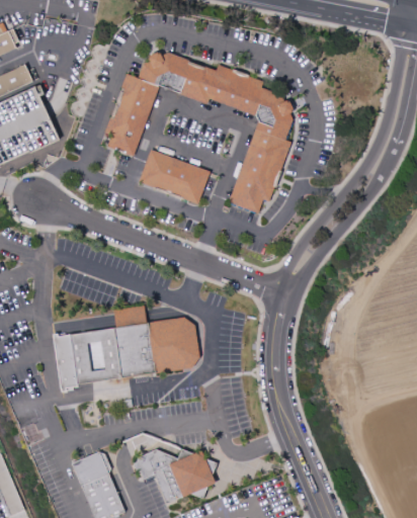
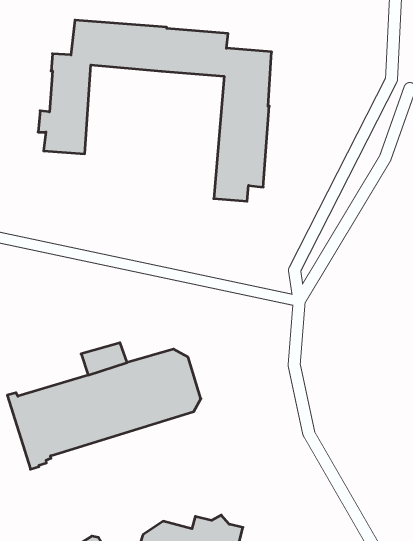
building: [139,151,210,202] -> none

